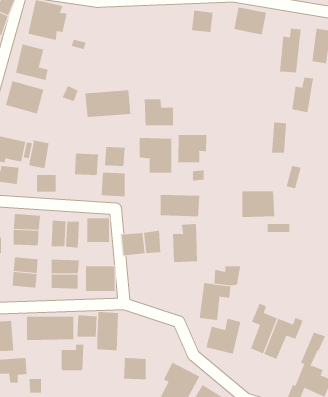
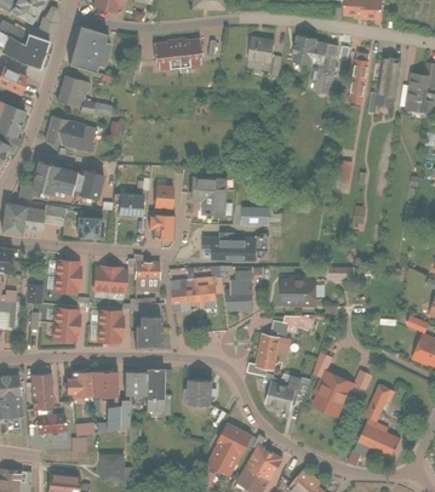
building: [292,77,314,113] -> [314,53,338,92]
building: [85,90,131,118] -> [151,39,202,69]
building: [144,99,174,126] -> none
building: [178,134,207,163] -> none
building: [242,191,275,218] -> [281,279,317,308]
building: [123,358,146,380] -> [189,379,214,404]

